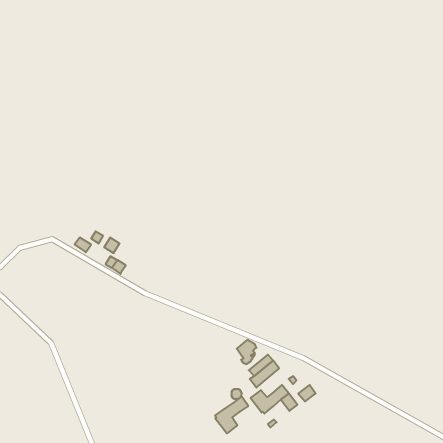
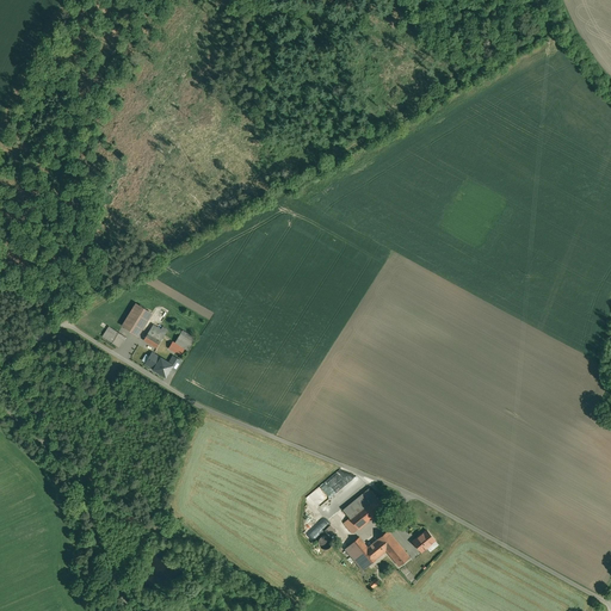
building: [215,397,248,433] -> none

